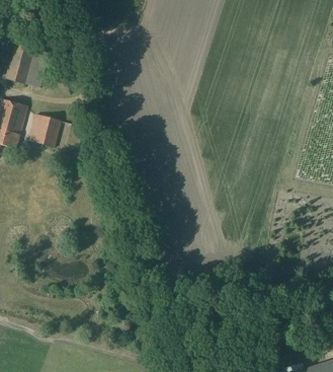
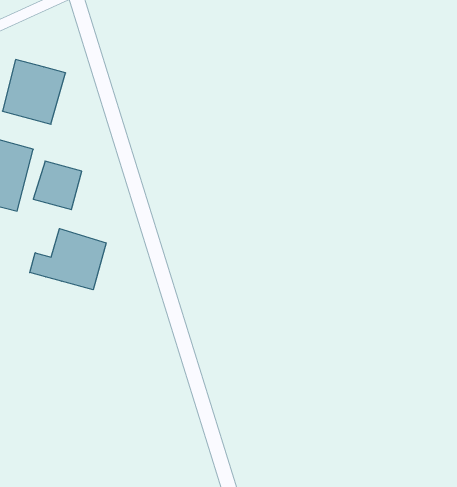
building: none -> [30,229,106,290]

